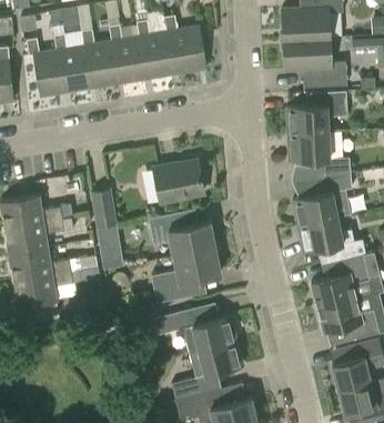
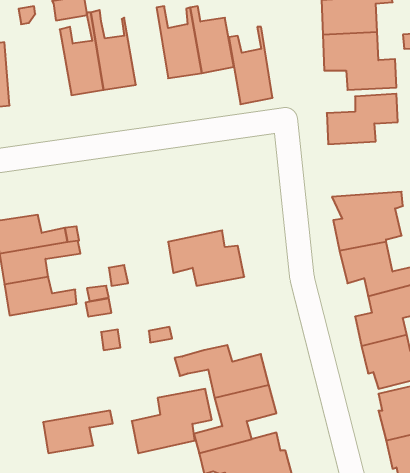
building: [112,17,150,83] -> [229,27,273,104]
building: [27,36,67,98] -> none
building: [287,132,351,180] -> none
building: [152,161,203,202] -> none
building: [91,188,118,229] -> none
building: [152,249,221,304] -> [132,389,212,453]
building: [13,272,73,309] -> [43,411,113,453]

